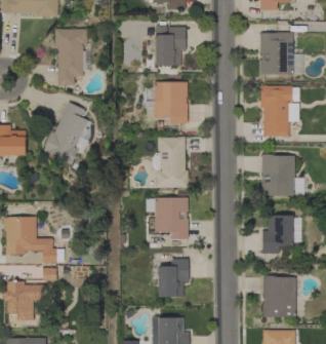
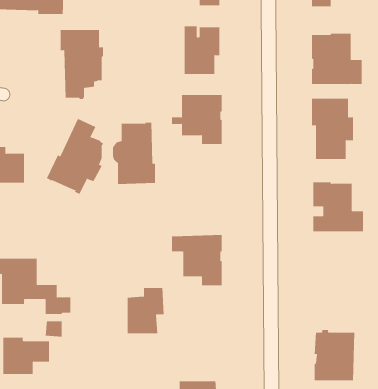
building: [152,137,188,188] -> [112,122,156,185]
building: [262,216,300,254] -> none
building: [158,259,189,297] -> [127,287,164,334]

